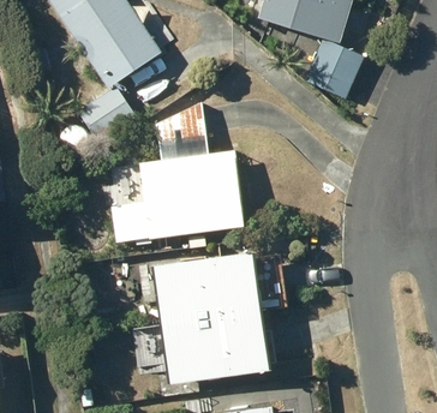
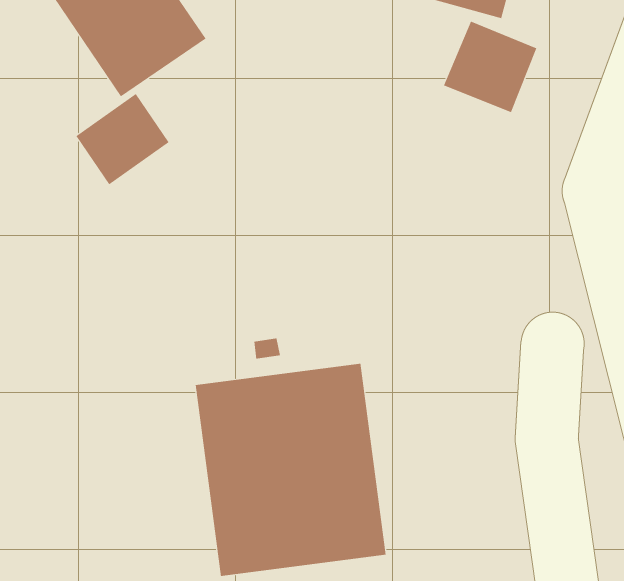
building: [110,102,244,240] -> none

